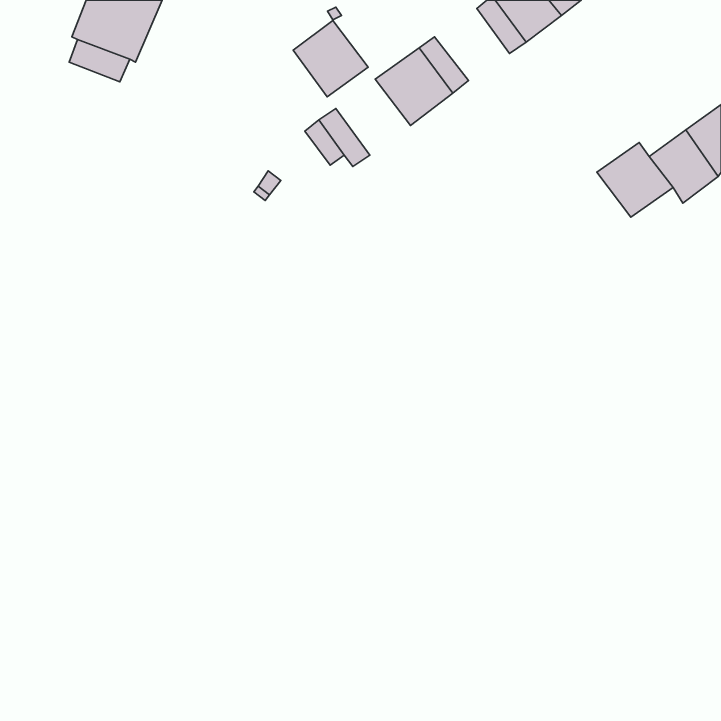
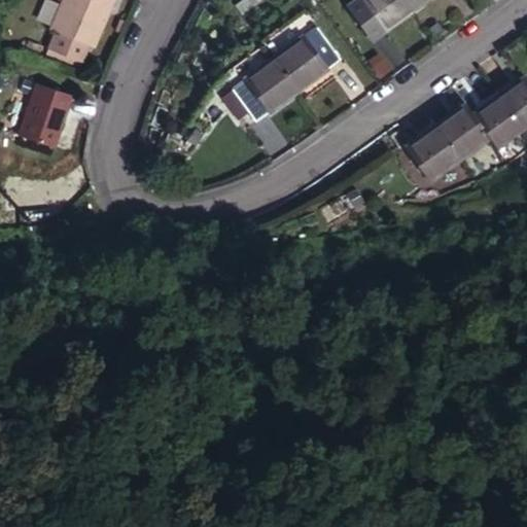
building: [293,21,368,97] -> [245,58,300,113]
building: none -> [22,83,72,146]
building: none -> [406,126,460,180]

